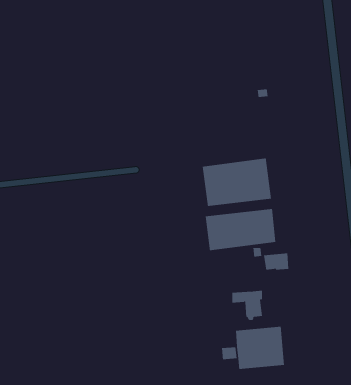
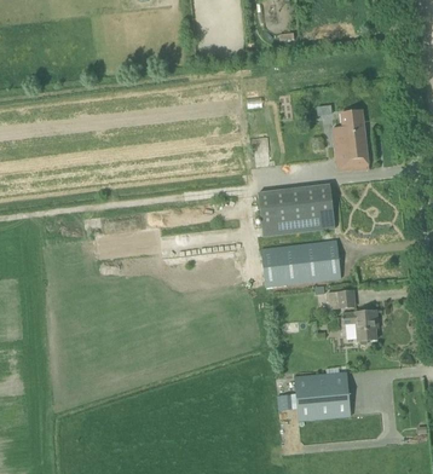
building: none -> [333,109,369,172]
building: [232,290,263,320] -> [342,310,377,343]

